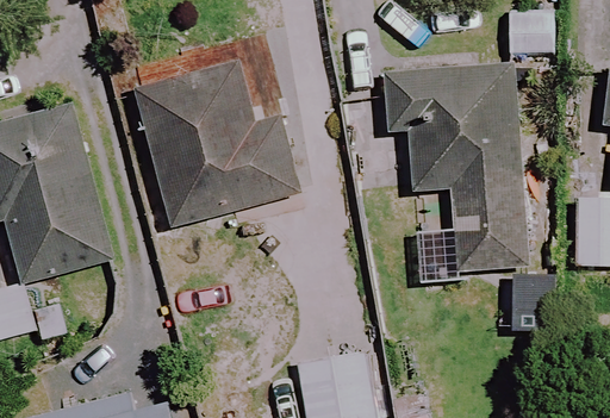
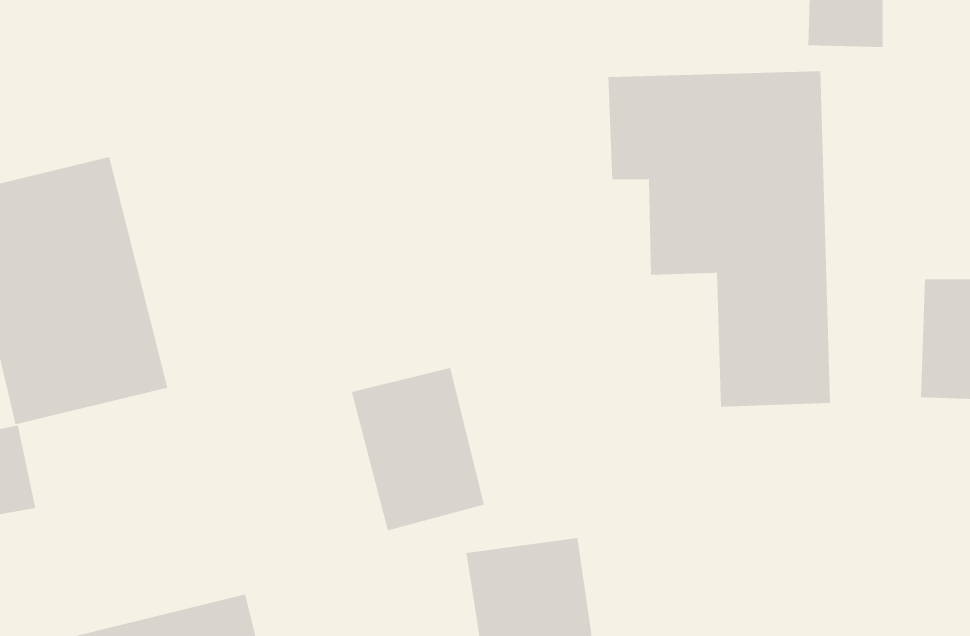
building: [137,62,295,226] -> none
building: none -> [351,367,484,531]

